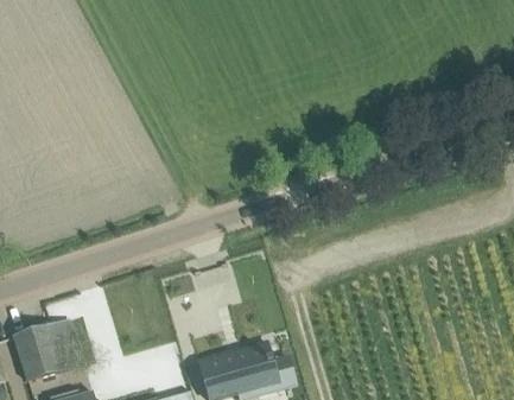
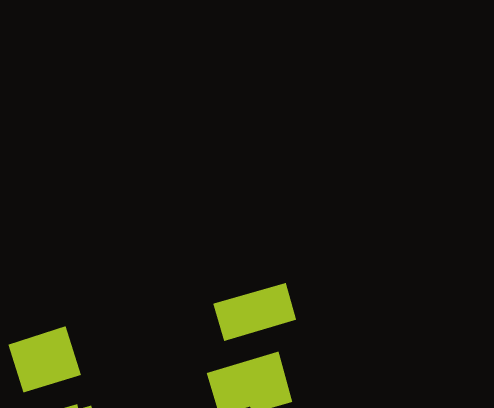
building: none -> [213,282,297,342]

